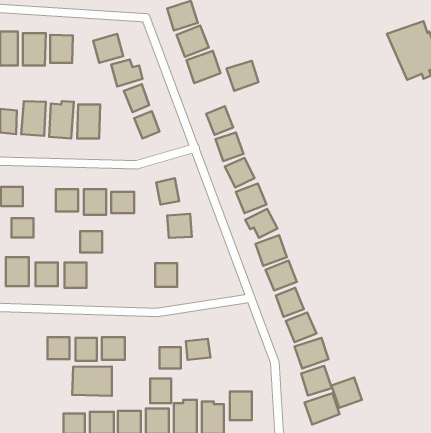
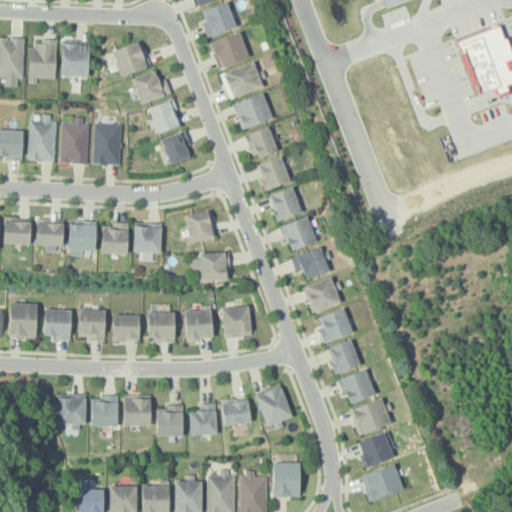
building: [226,61,259,91] -> [234,94,272,129]
building: [11,218,33,238] -> [36,222,62,245]
building: [80,231,102,252] -> [113,316,139,341]
building: none -> [223,306,252,338]
building: none -> [148,313,175,341]
building: none -> [256,387,293,426]
building: [72,367,112,396] -> none
building: [331,378,362,408] -> none
building: [150,379,171,403] -> [158,407,183,436]

